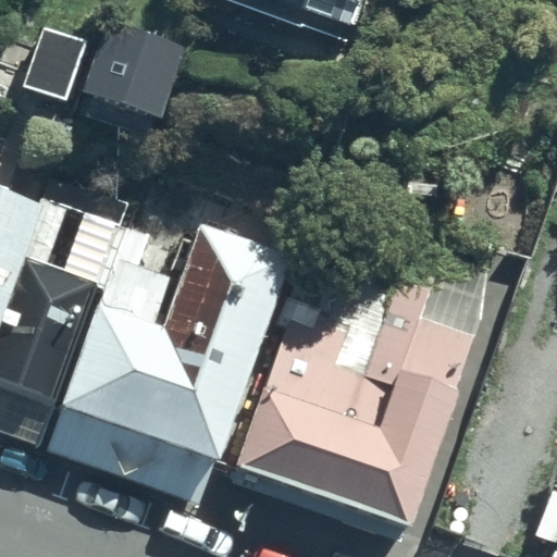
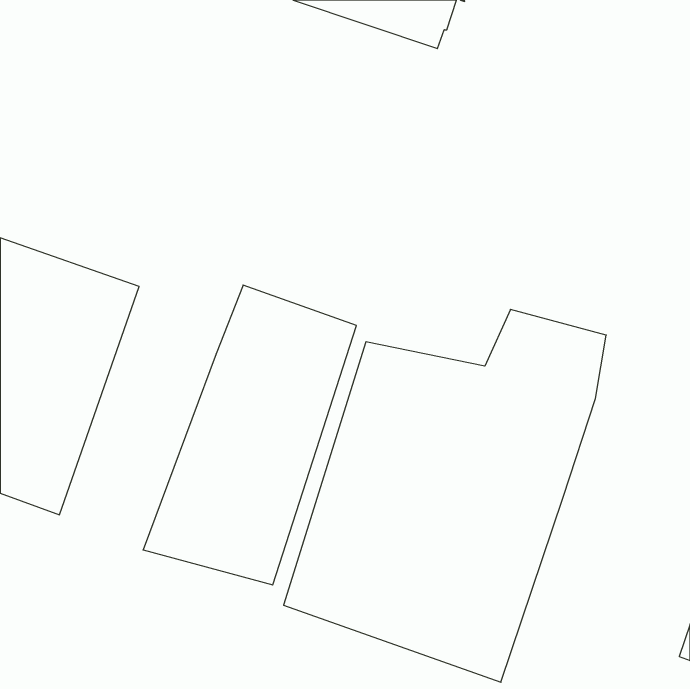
building: [21,22,183,120] -> none
building: [53,200,180,444] -> none

